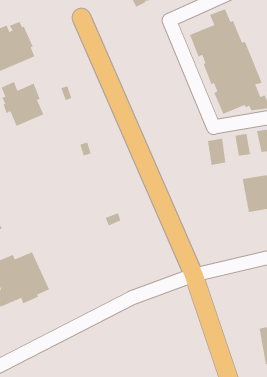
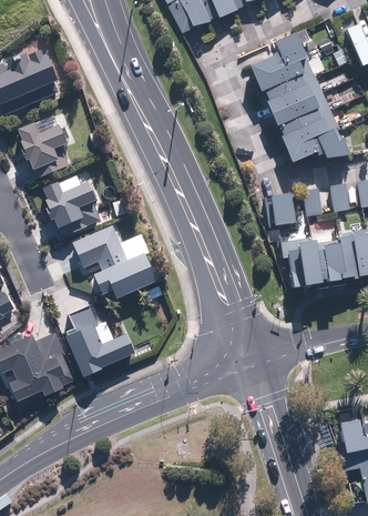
building: none -> [42,181,102,235]
building: none -> [73,222,156,299]
building: none -> [280,235,318,287]
building: none -> [65,302,134,375]

